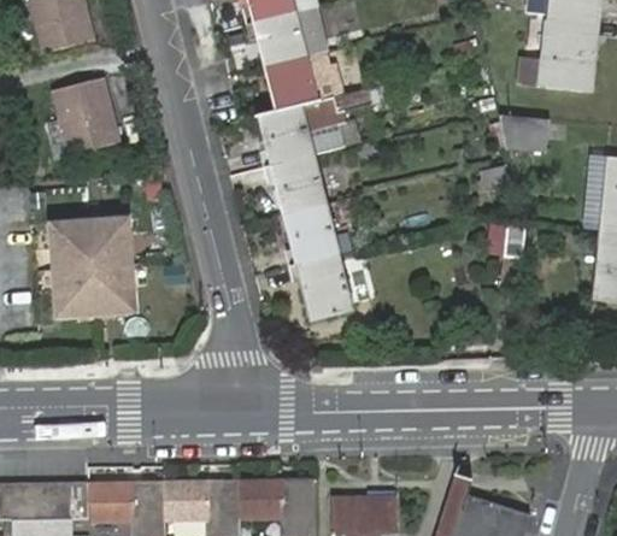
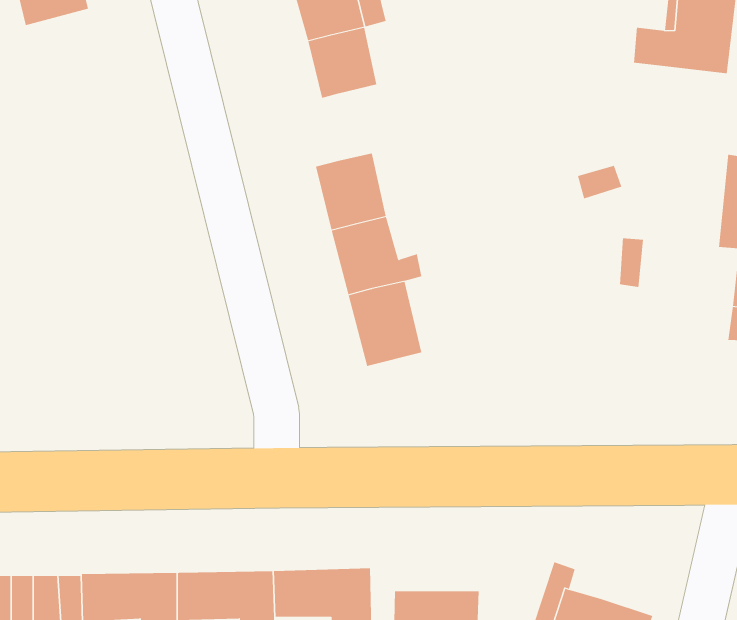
building: [55,79,122,157] -> none
building: [259,87,383,165] -> none
building: [499,116,550,153] -> none
building: [49,222,131,317] -> none

